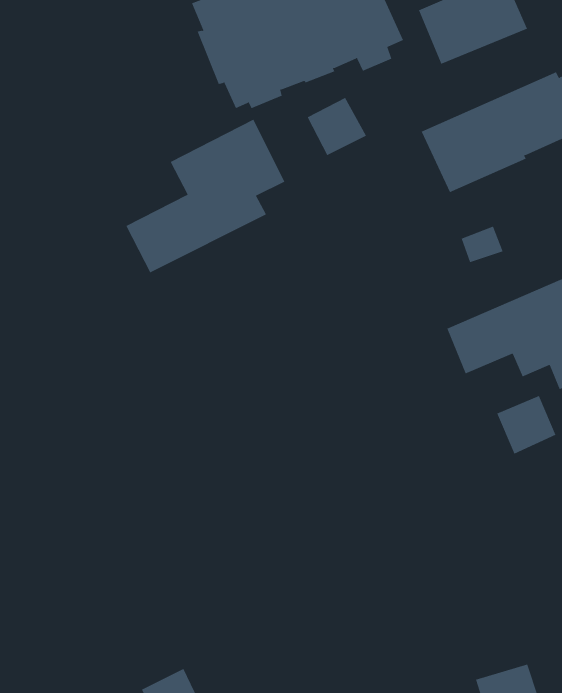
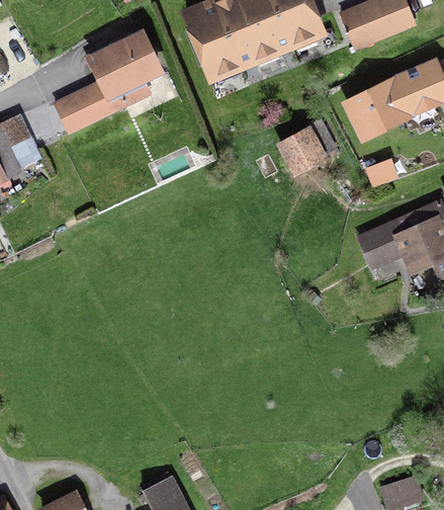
building: [307,97,367,156] -> [280,129,323,170]
building: [125,119,285,273] -> [53,24,166,134]
building: [497,395,556,455] -> none

